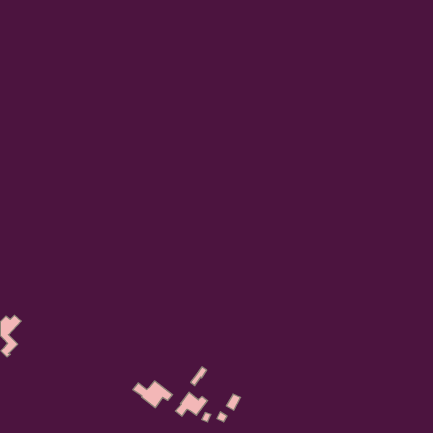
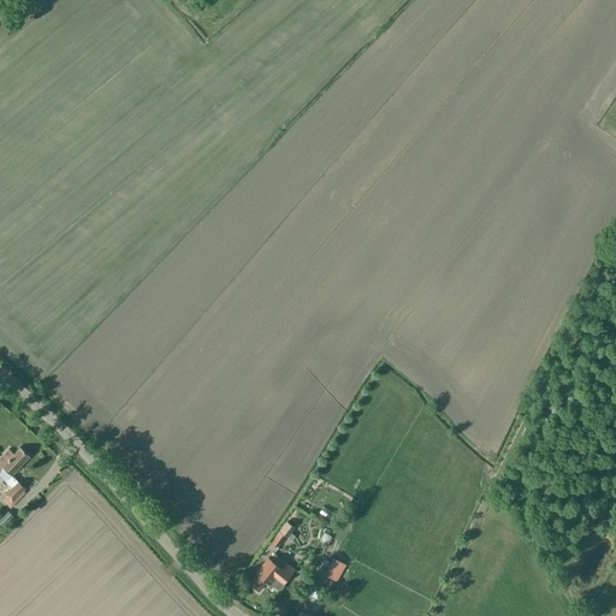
building: [133,381,173,408] -> none

